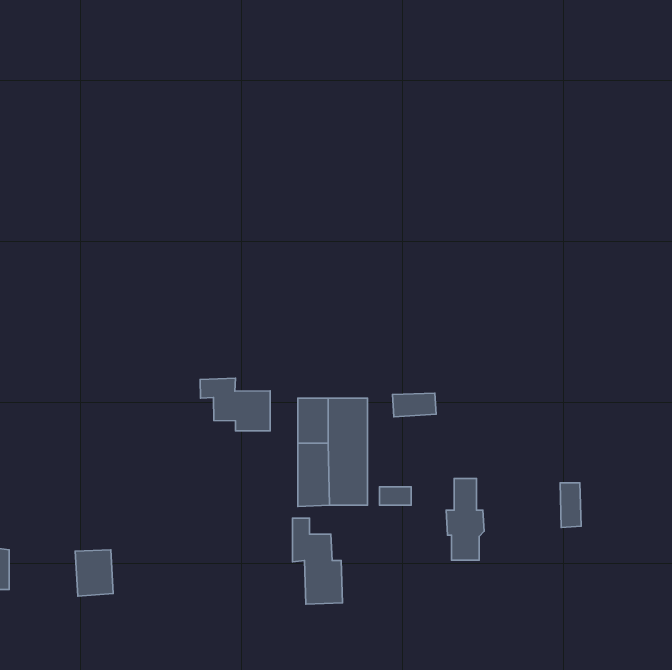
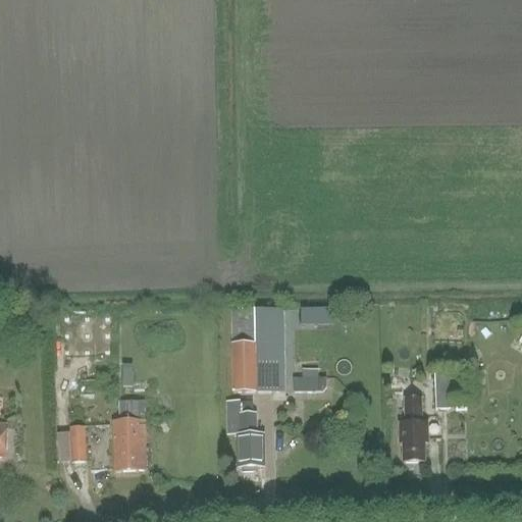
building: [200,378,270,431] -> none
building: [446,478,484,560] -> [399,398,428,461]
building: none -> [113,399,147,470]

